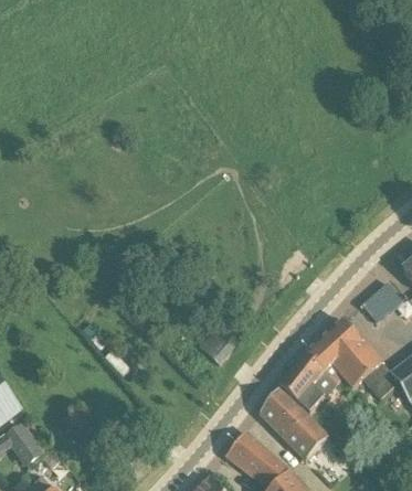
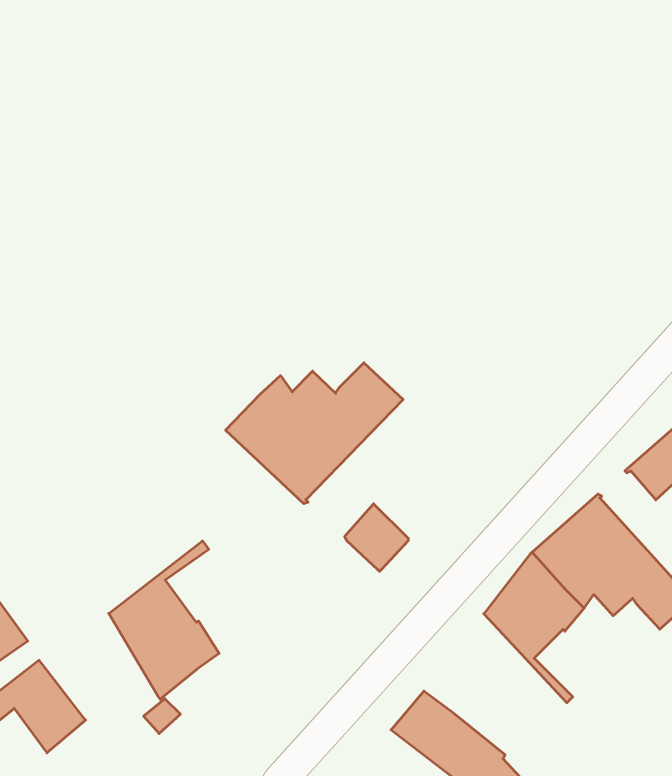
building: none -> [226,363,403,504]
building: none -> [109,541,219,699]
building: [260,388,326,460] -> none

